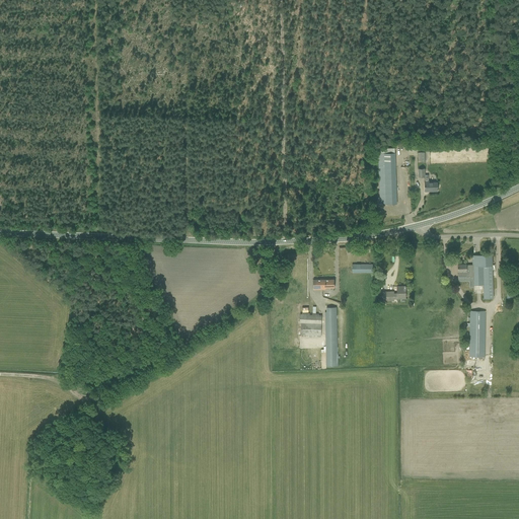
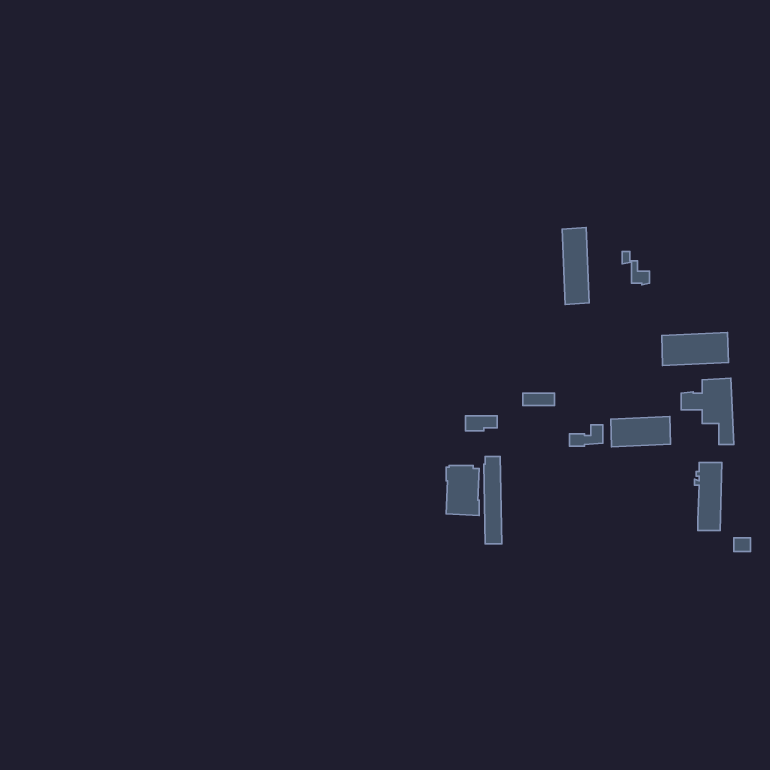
building: none -> [662,332,729,365]
building: none -> [611,416,671,447]

